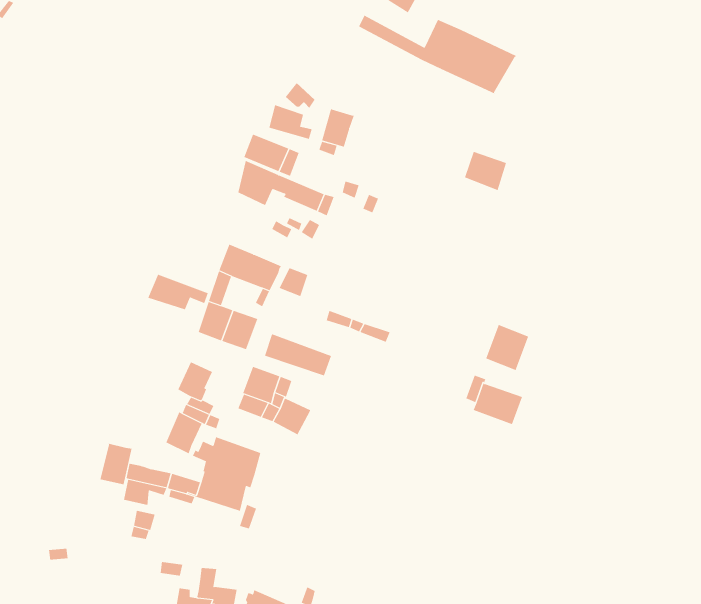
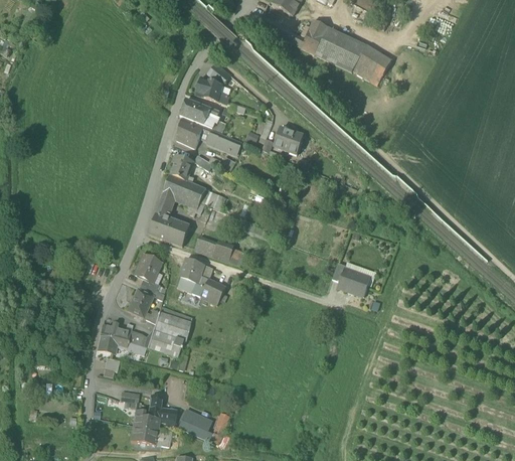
building: none -> [352,45,391,85]
building: [321,108,355,147] -> none
building: [464,151,507,191] -> [274,128,303,155]
building: none -> [170,154,194,180]
building: [148,274,208,310] -> none
building: [486,324,529,371] -> none
building: [100,443,132,485] -> none

